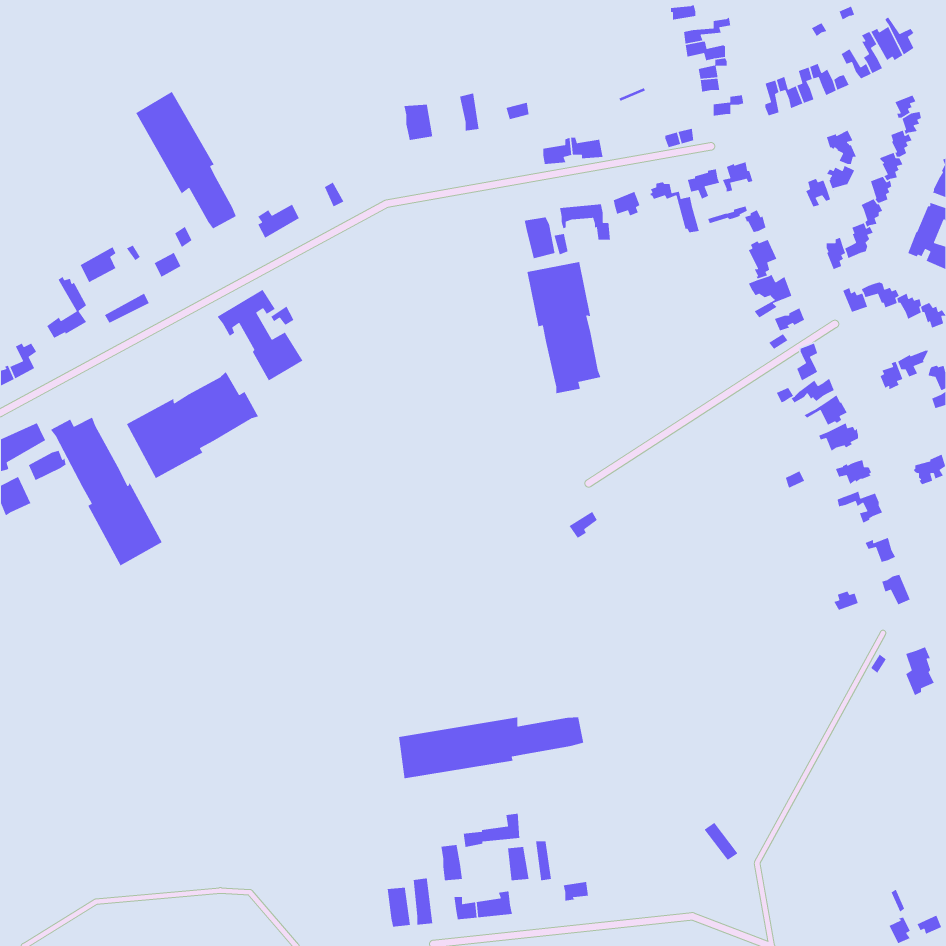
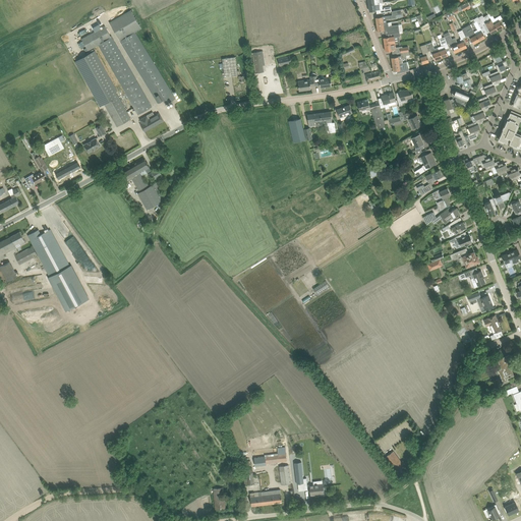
building: none -> [109,10,175,104]
building: none -> [81,25,152,115]
building: [527,261,602,394] -> none
building: [126,371,259,479] -> none
building: [398,716,584,779] -> none

